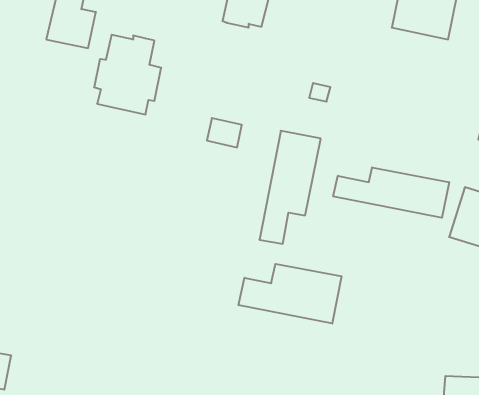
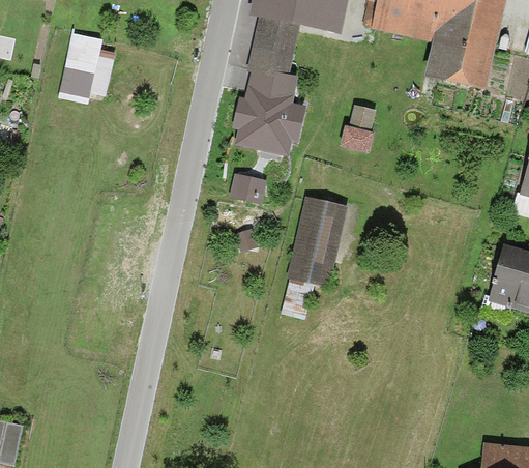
building: [94,35,161,114] -> [233,70,304,155]
building: [333,167,449,218] -> none
building: [239,264,342,324] -> none

